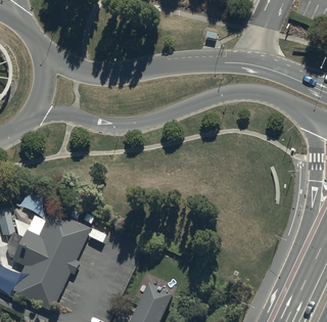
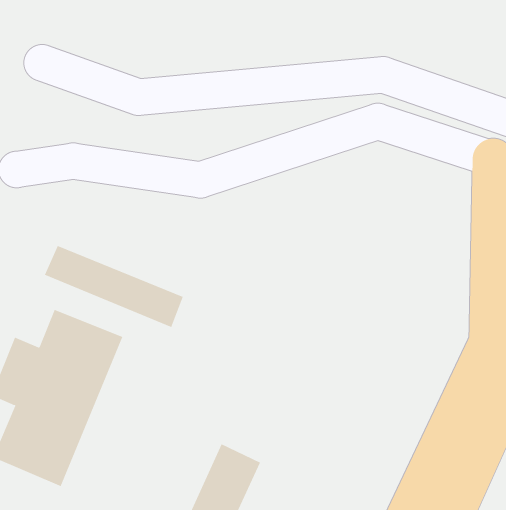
building: none -> [44,245,184,328]

